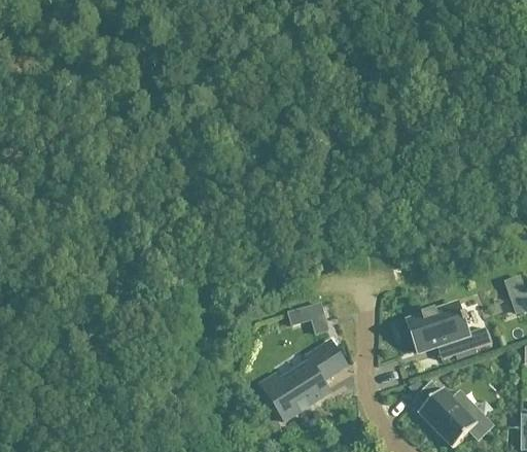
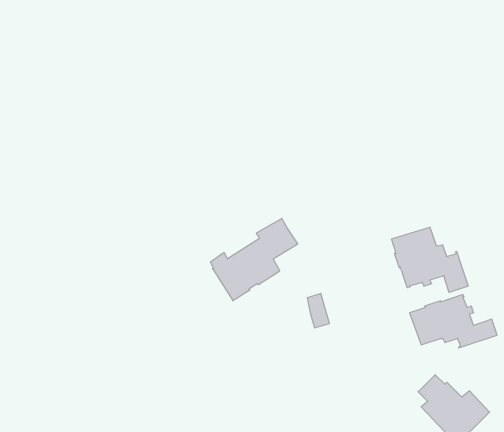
building: none -> [391,227,468,292]
building: [262,342,347,421] -> [210,218,298,301]

